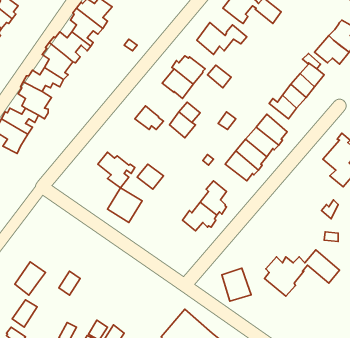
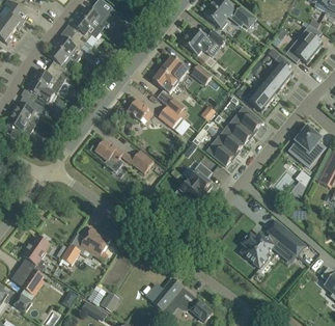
building: [108,188,142,222] -> [80,226,110,256]
building: [222,268,251,301] -> none

